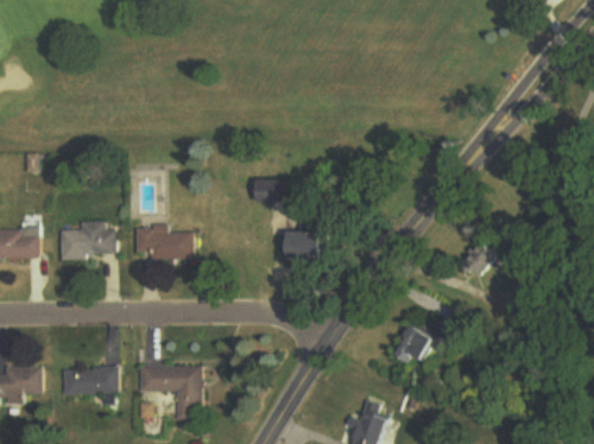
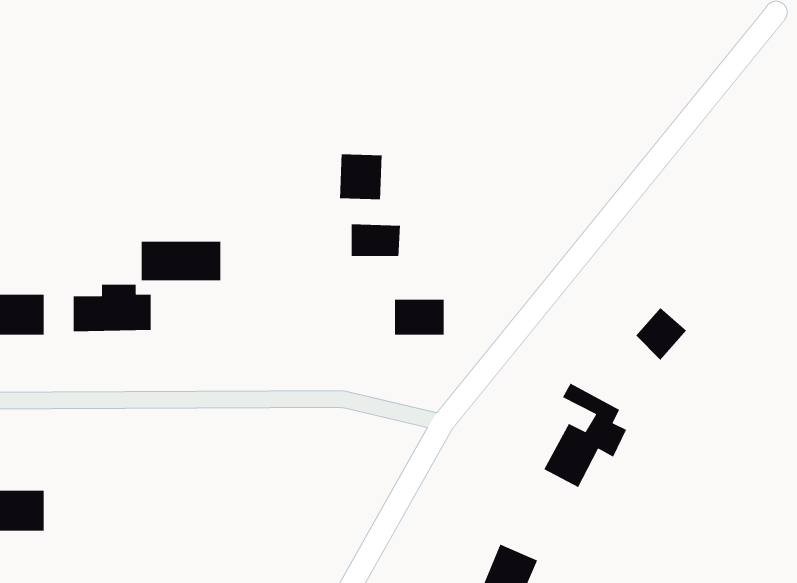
building: none -> [339,154,382,200]
building: [135,230,192,259] -> [141,241,221,281]
building: [137,364,198,418] -> none
building: [59,367,115,394] -> none

